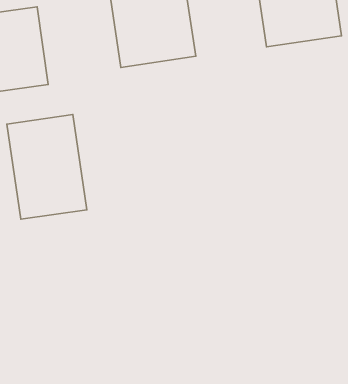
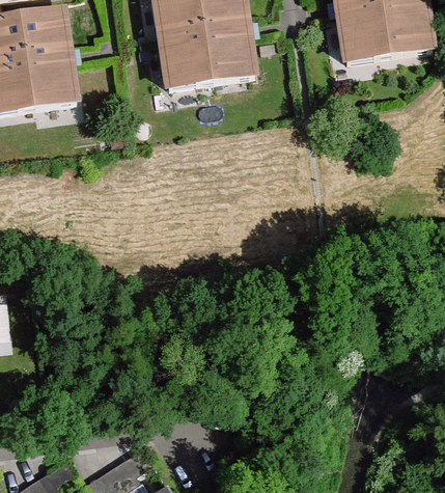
building: [7,115,87,219] -> none

